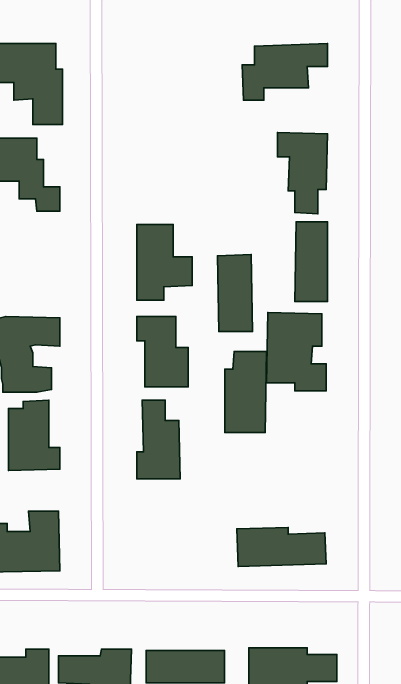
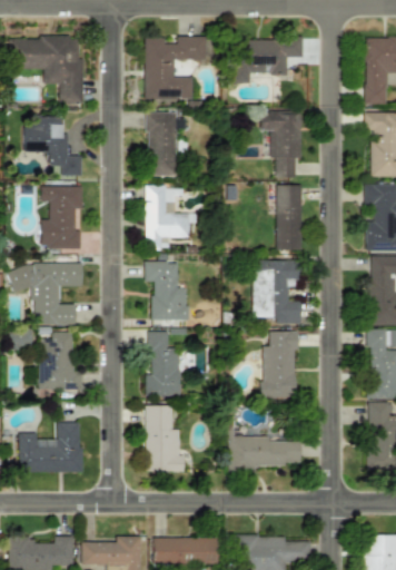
building: none -> [145,37,206,100]
building: none -> [41,186,83,248]
building: [217,255,253,332] -> [148,112,177,176]
building: [225,351,267,433] -> [263,332,297,399]
building: none -> [145,405,185,472]

